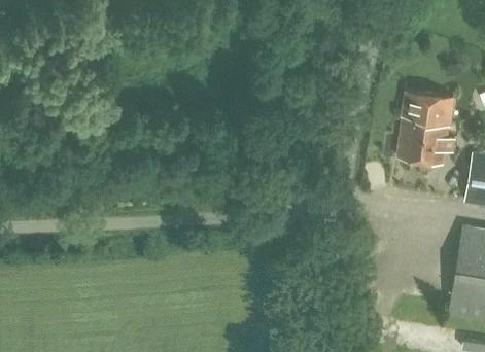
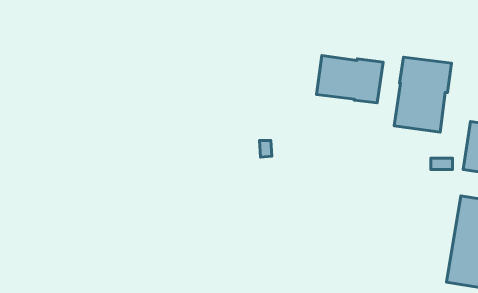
building: none -> [317,56,383,103]

